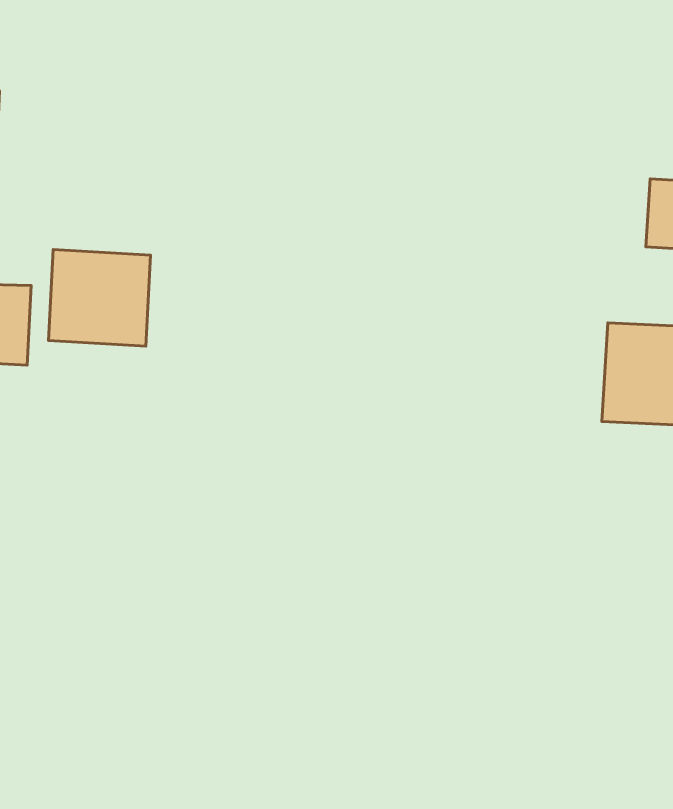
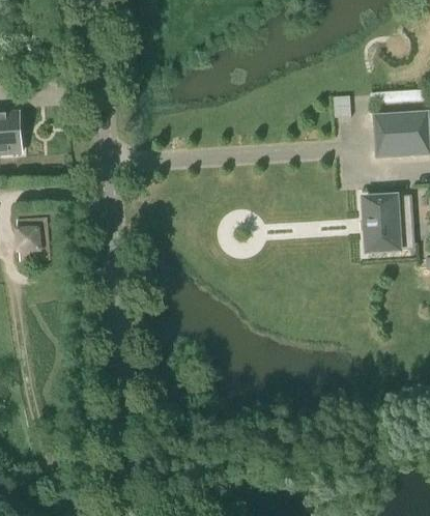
building: [49,249,150,346] -> none

